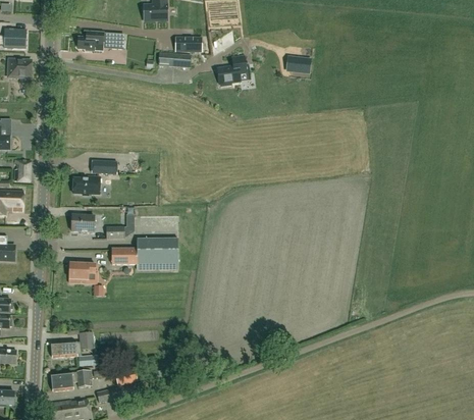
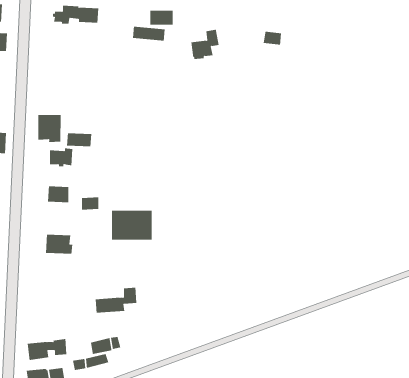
building: none -> [38,114,61,143]
building: [112,249,137,264] -> none
building: [51,331,94,358] -> [95,287,137,313]

